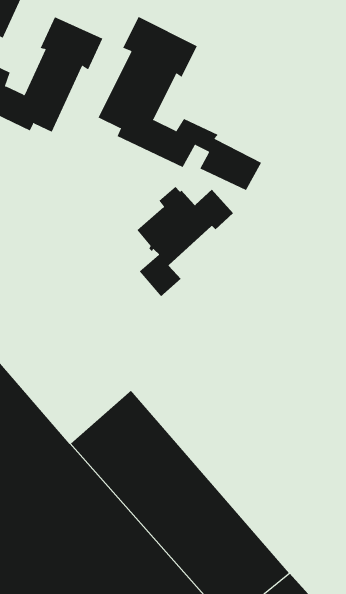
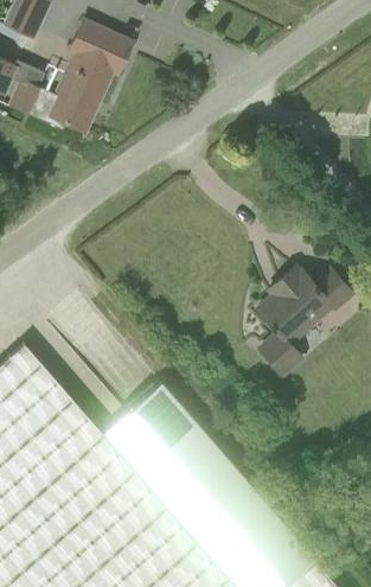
building: [98,16,262,191] -> none
building: [136,186,234,297] -> [257,267,352,375]

